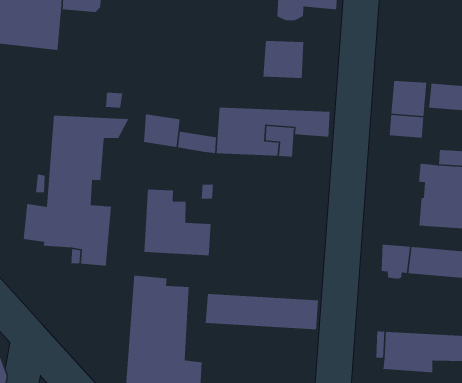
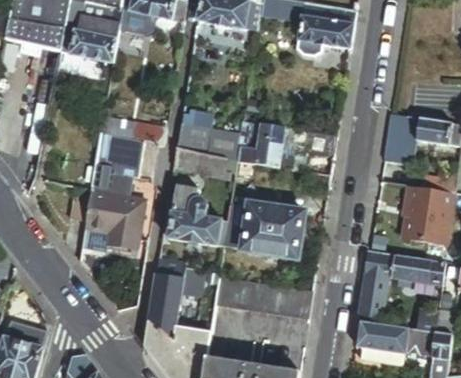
building: [262,40,304,79] -> none
building: none -> [174,146,231,179]
building: none -> [224,204,304,257]
building: none -> [360,272,388,317]

